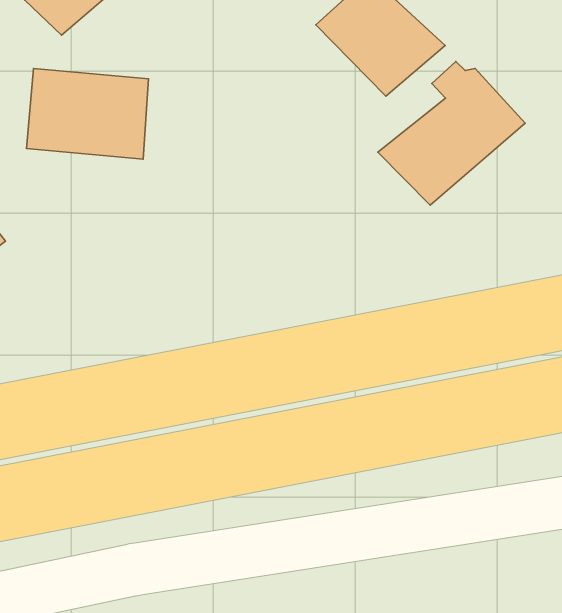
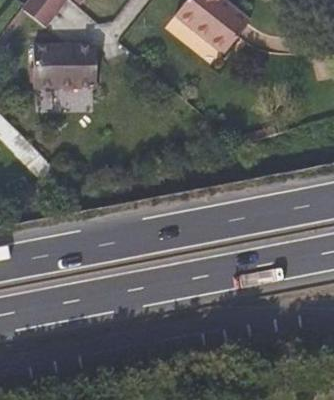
building: [378,62,525,205] -> none

